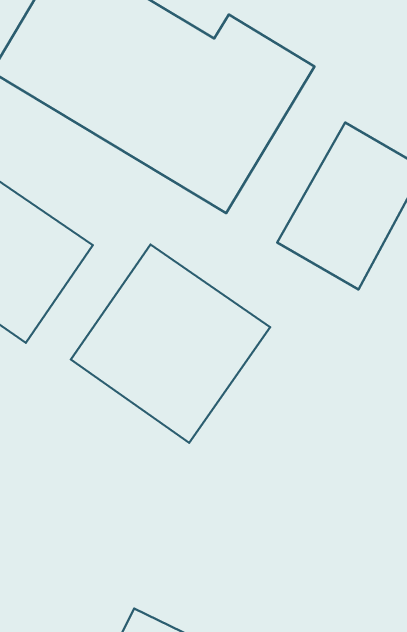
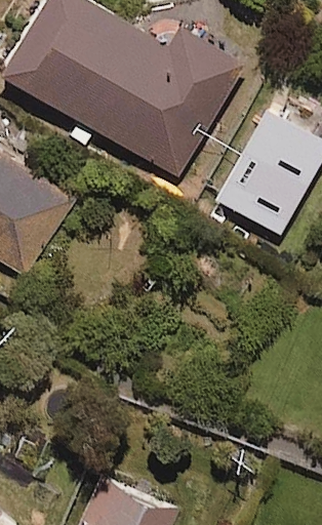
building: [71,244,270,443] -> none

